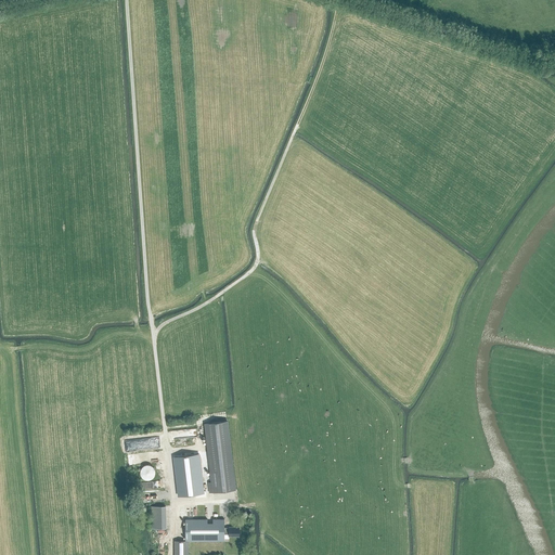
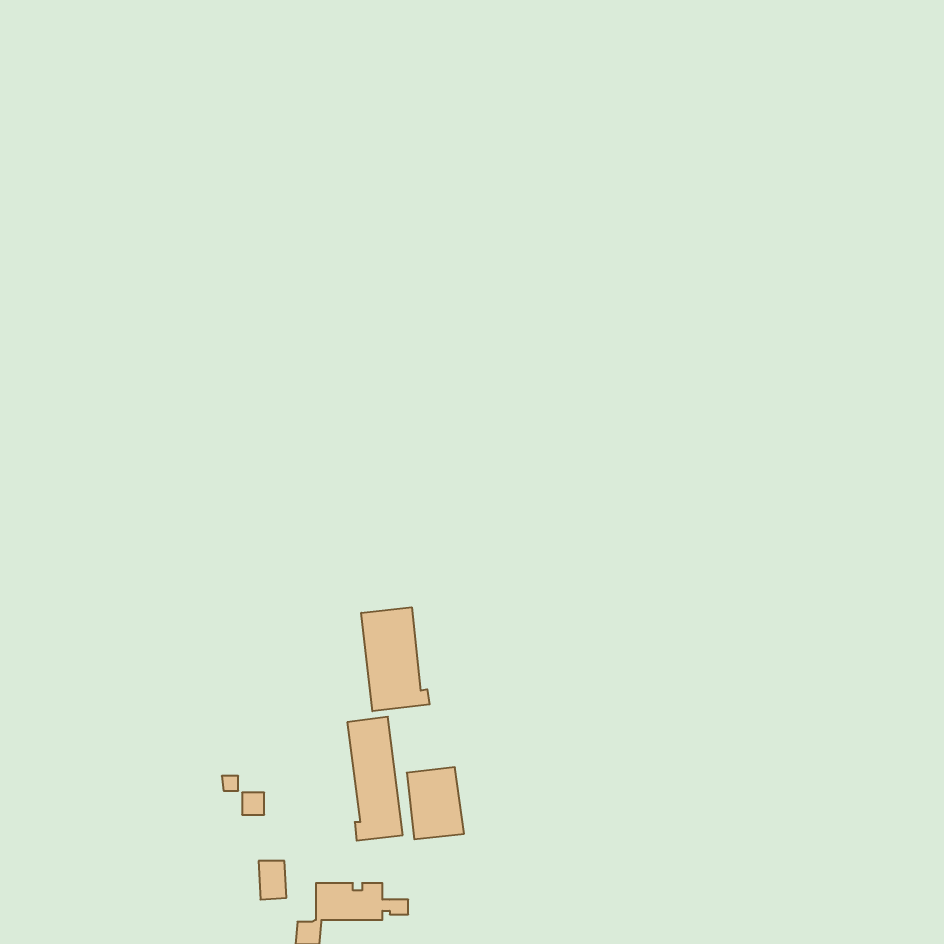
building: none -> [361,607,430,711]
building: [172,454,206,496] -> [407,767,464,839]

